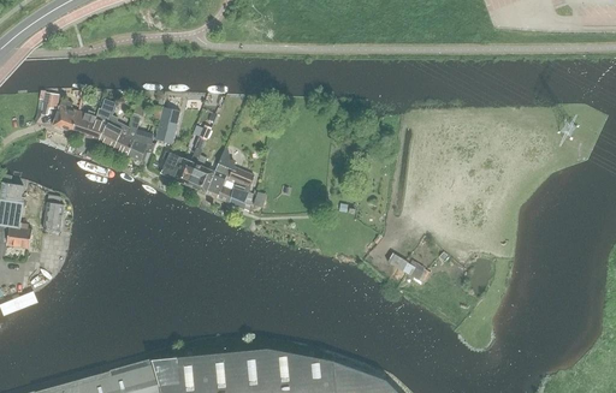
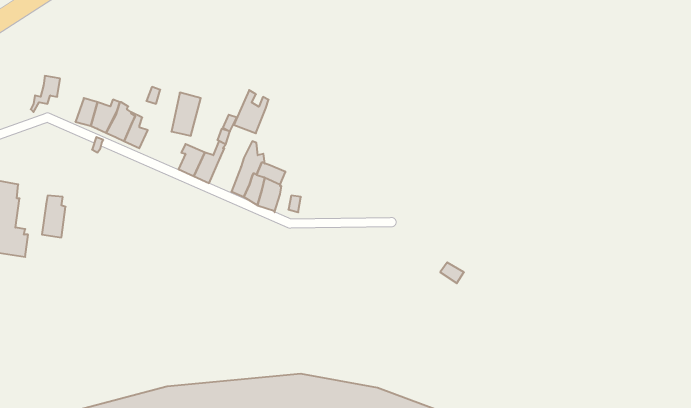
building: [53,100,79,132] -> none
building: [128,118,155,162] -> none
building: [188,155,218,192] -> [234,90,269,133]

